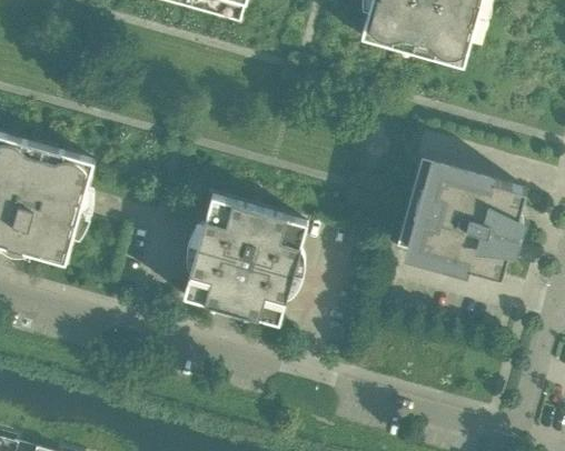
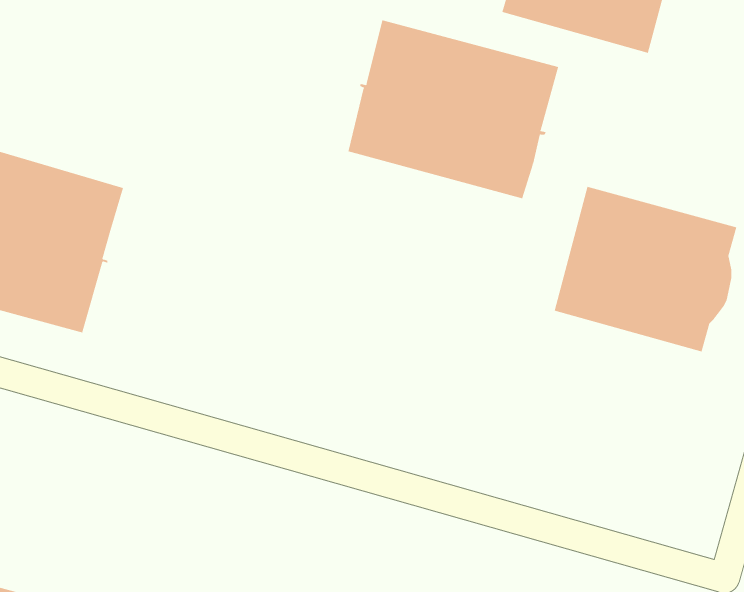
building: none -> [348,19,559,199]
building: [182,197,306,324] -> none

